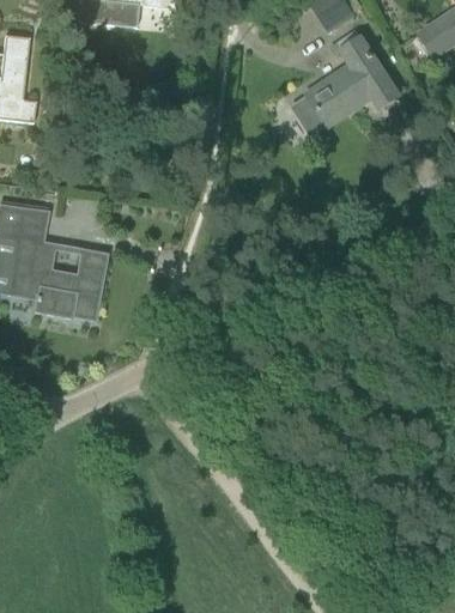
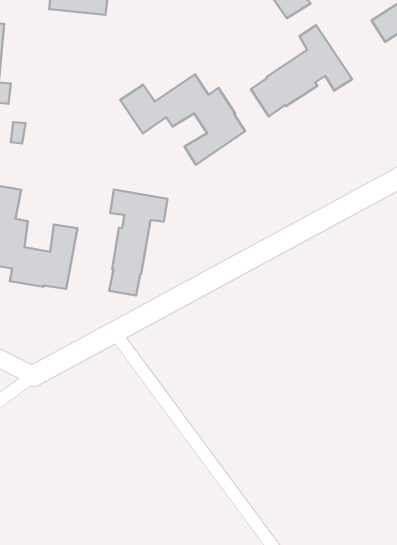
building: none -> [120,74,245,165]
building: none -> [109,190,168,296]

